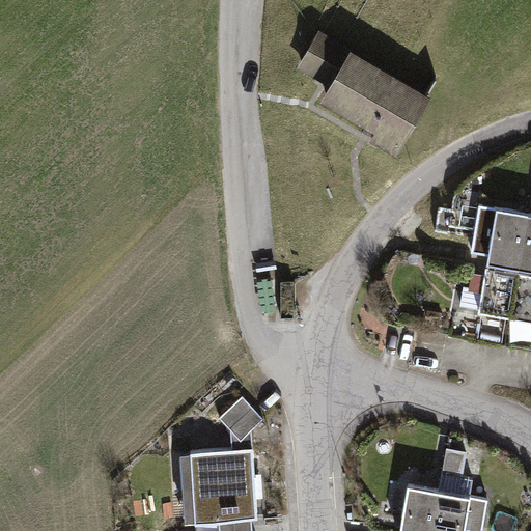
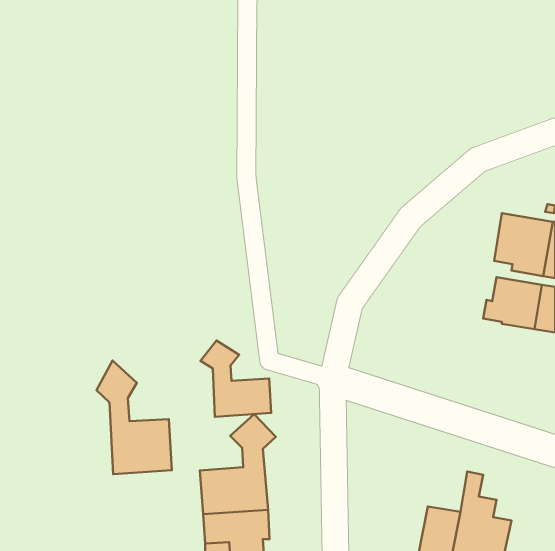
building: [302,38,424,151] -> none
building: none -> [200,341,271,417]
building: none -> [96,361,172,474]

